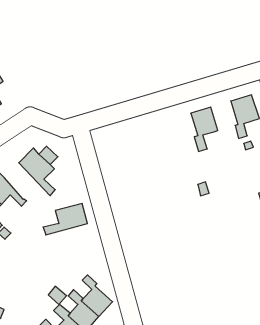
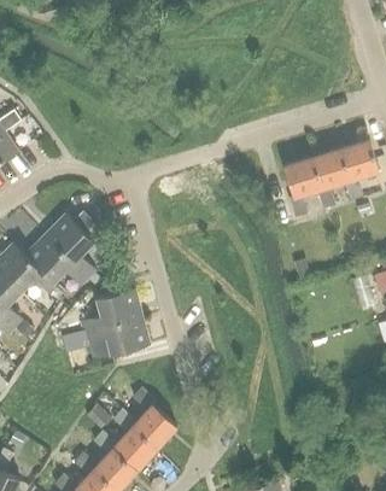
building: none -> [312,147,350,209]
building: none -> [25,233,89,286]
building: none -> [83,317,150,356]

